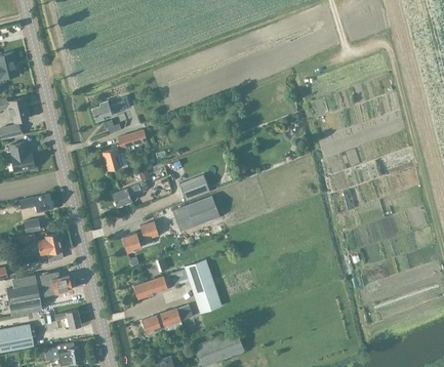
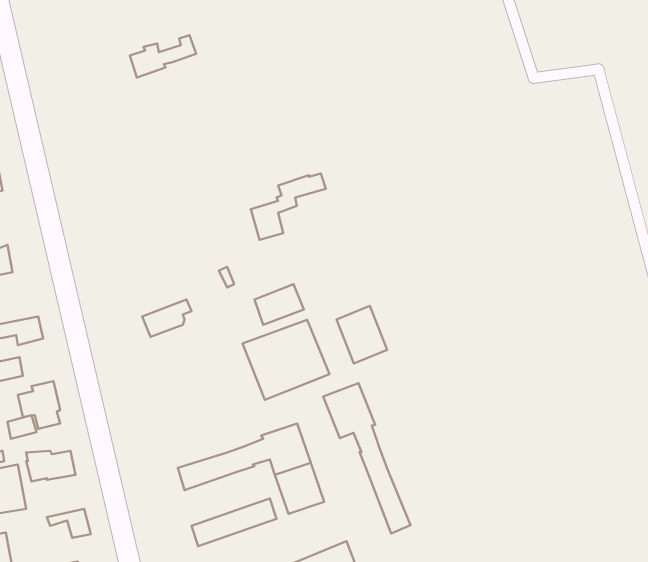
building: [91,95,131,121] -> [130,35,196,78]
building: [102,130,147,170] -> [251,174,326,240]
building: none -> [336,306,387,363]
building: [122,220,158,251] -> none
building: none -> [323,383,410,534]

